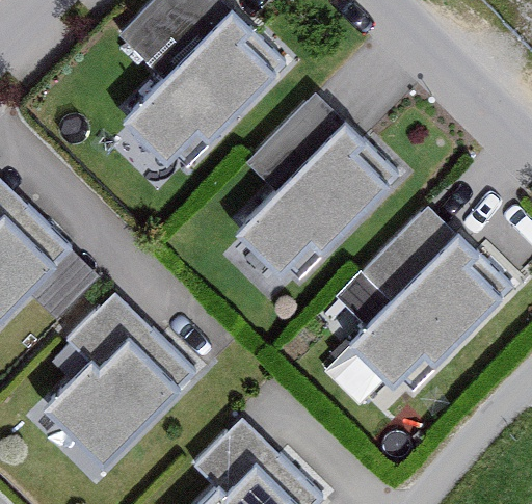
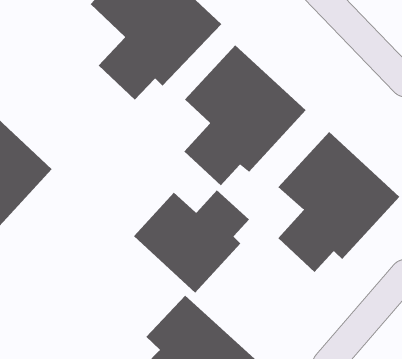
building: none -> [133,190,250,294]
building: [33,289,200,473] -> none

